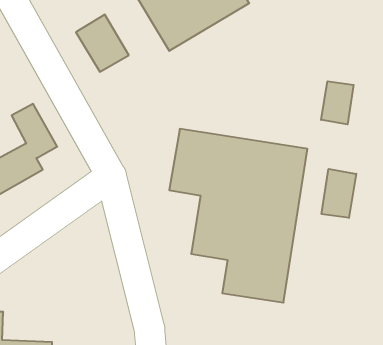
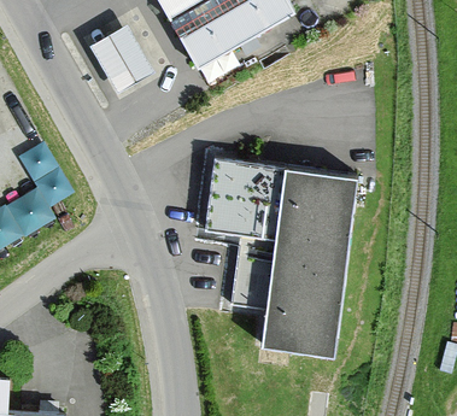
building: [321,81,354,124] -> none
building: [322,169,356,218] -> none

